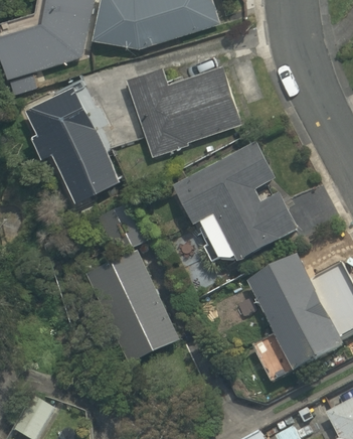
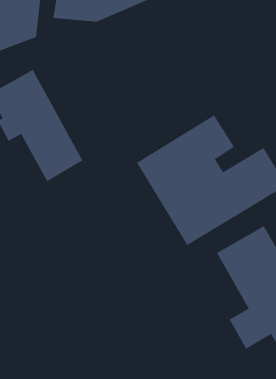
building: [125,64,239,153] -> none
building: [82,247,180,368] -> none

